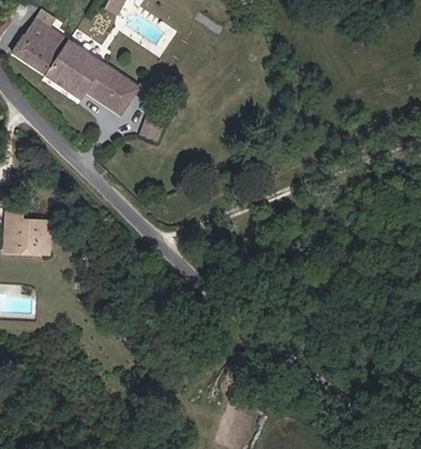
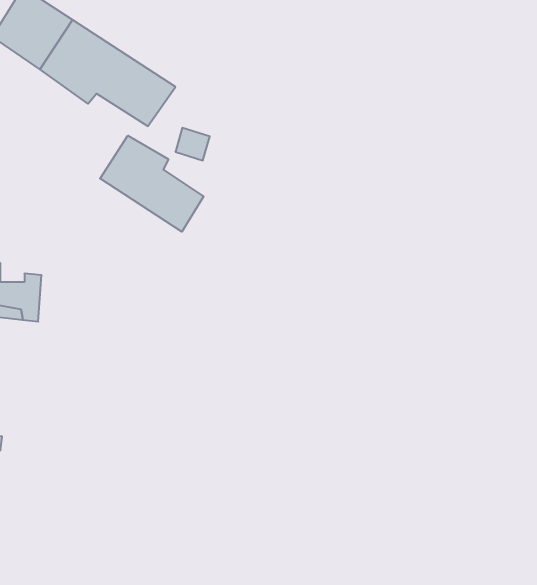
building: none -> [100,136,204,232]

